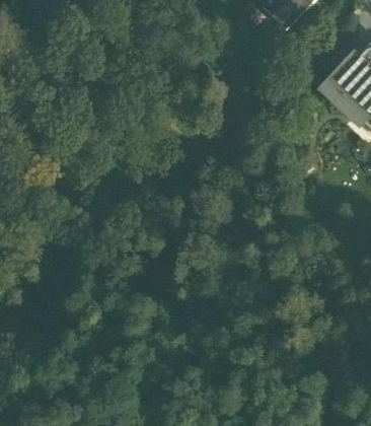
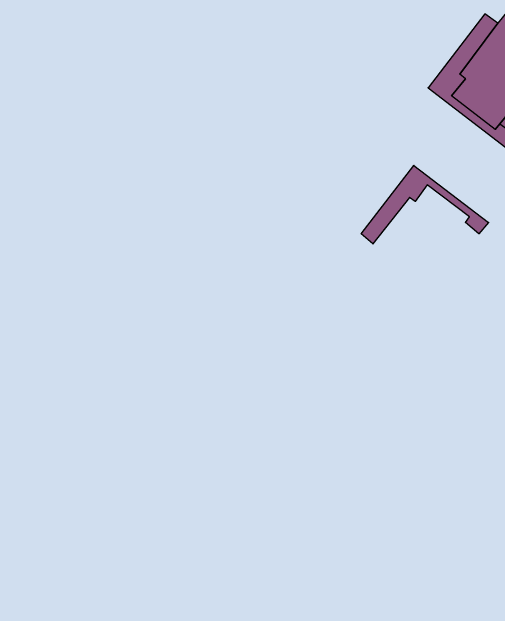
building: none -> [361,165,489,244]

